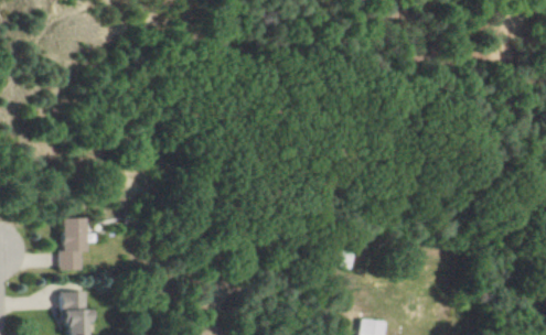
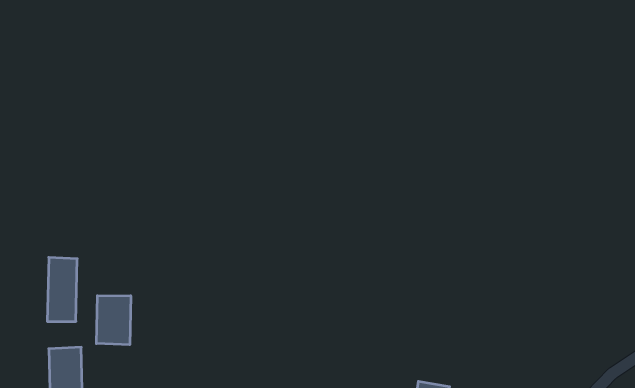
building: none -> [96,296,131,345]

